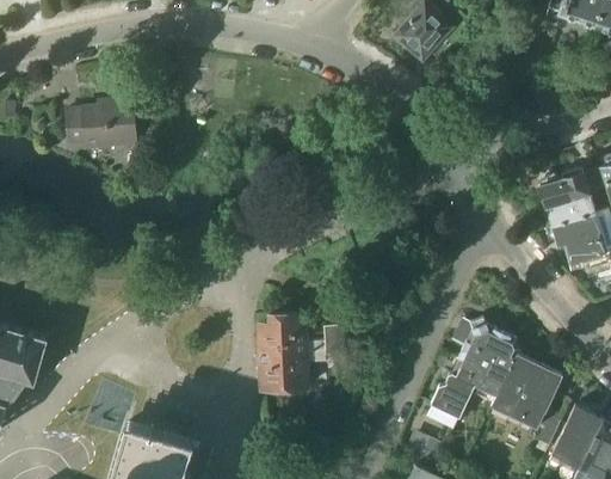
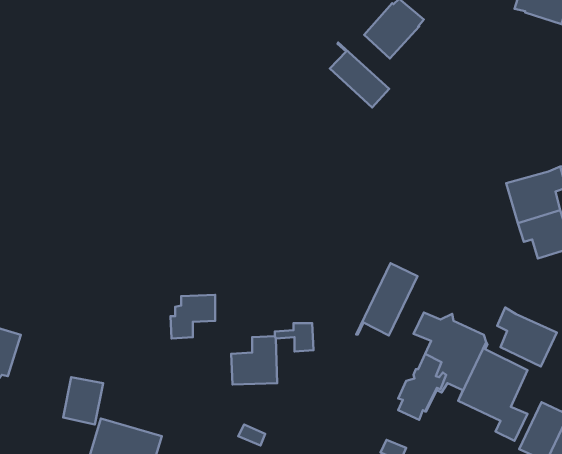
building: none -> [330,42,389,107]
building: [67,102,137,153] -> none
building: none -> [356,263,417,335]
building: none -> [497,308,557,367]
building: [260,315,306,360] -> [170,295,215,338]

